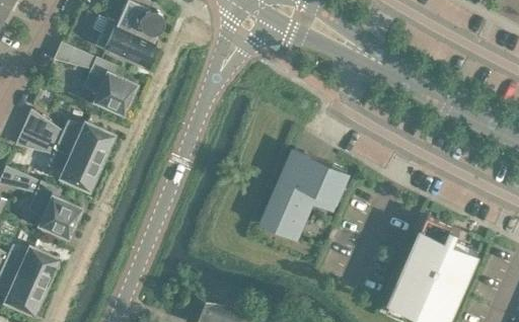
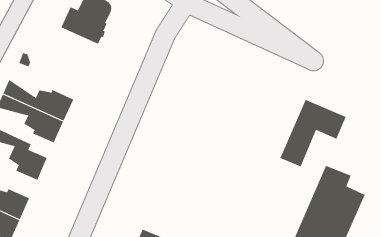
building: [53,44,135,113] -> none
building: [263,151,347,236] -> [279,99,346,167]

